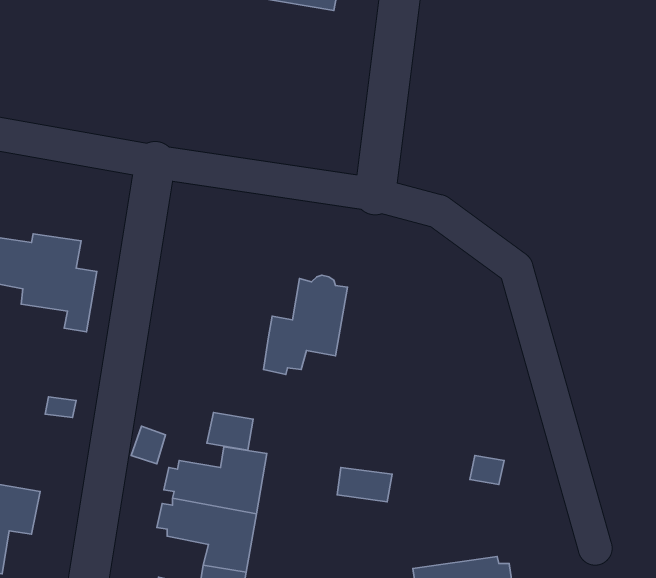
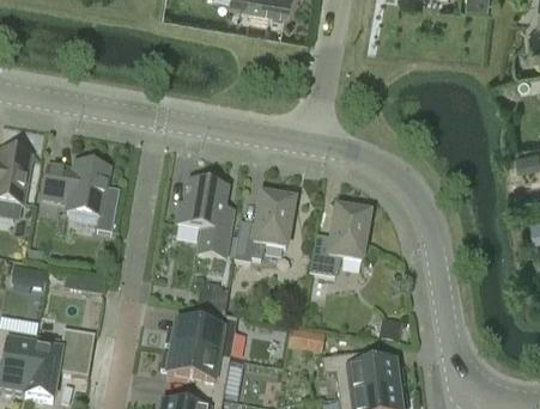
building: none -> [176,184,230,260]
building: none -> [310,207,369,277]
building: none -> [322,353,405,398]

